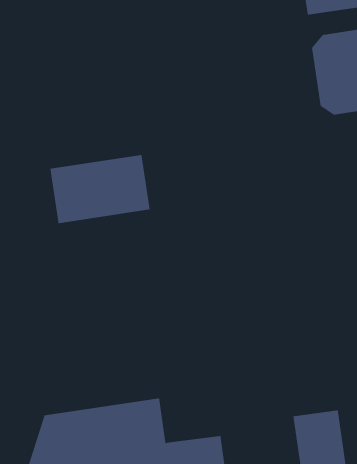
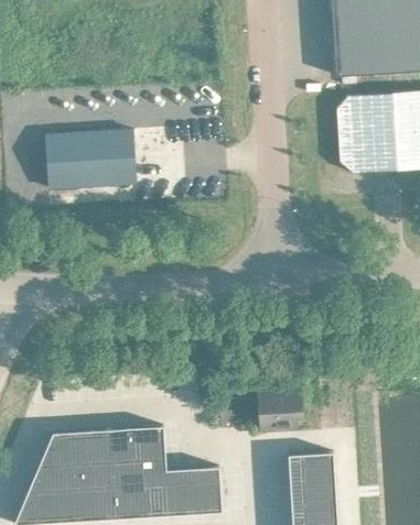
building: [49,155,151,224] -> [44,130,137,188]
building: none -> [257,391,302,433]

